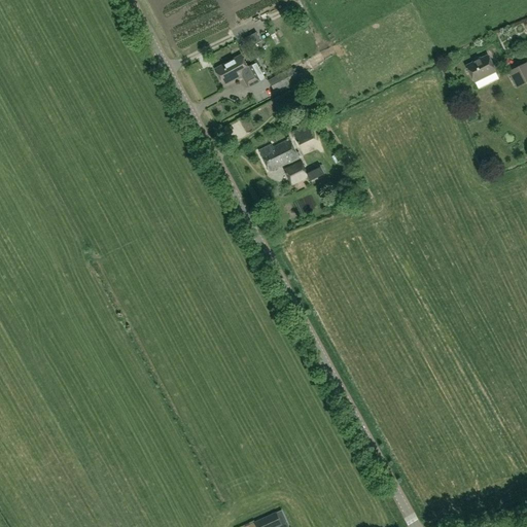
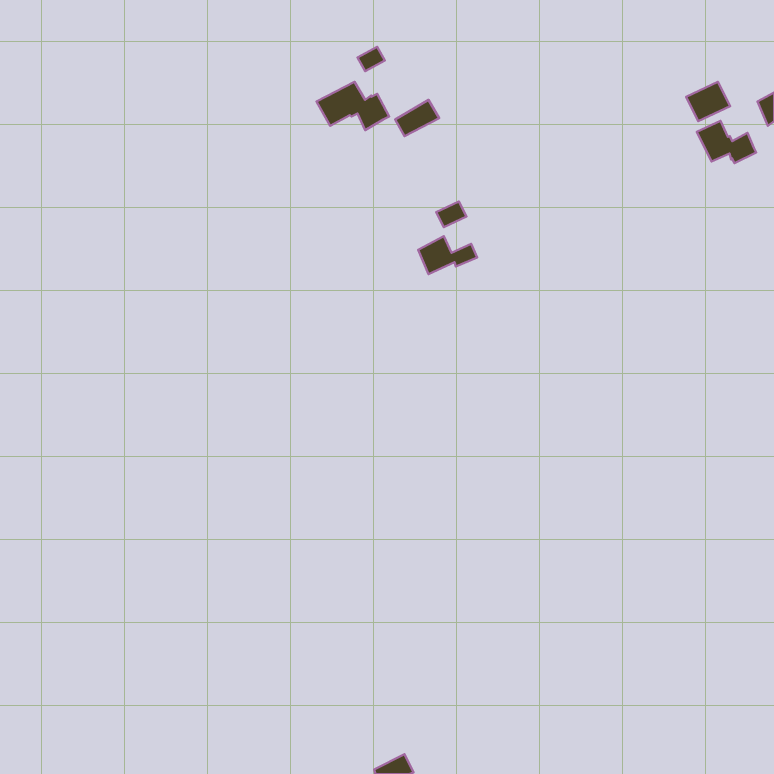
building: none -> [697,121,756,163]
building: [259,138,298,172] -> none

